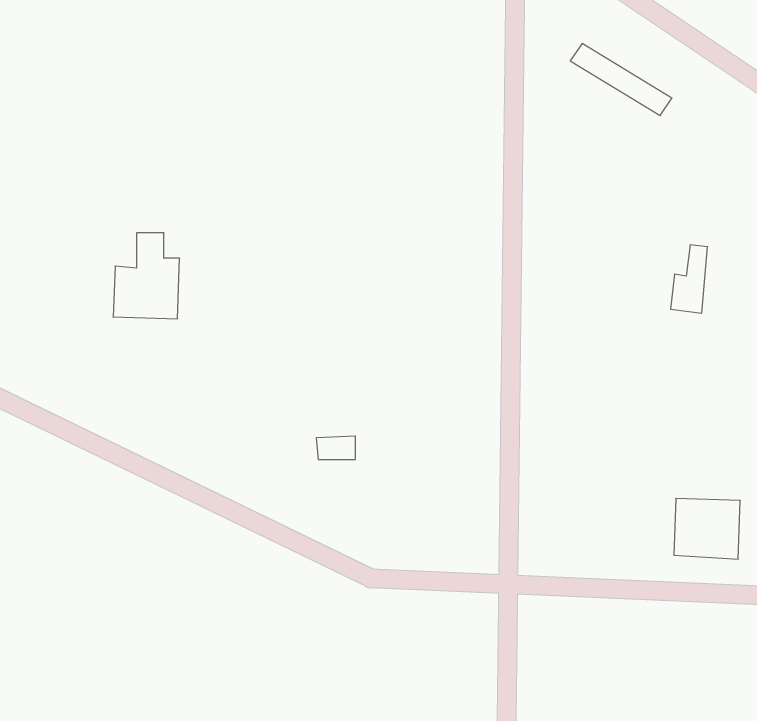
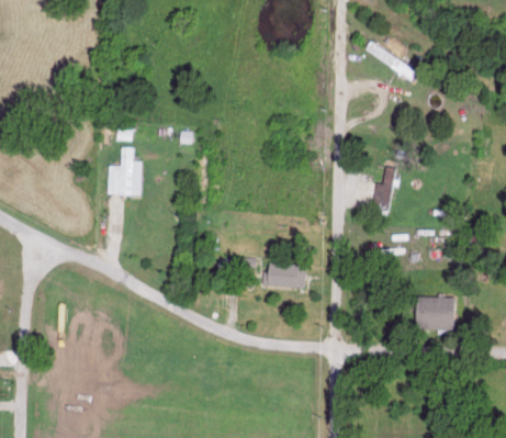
building: [671,245,708,313] -> [374,167,395,205]
building: none -> [263,263,306,287]

